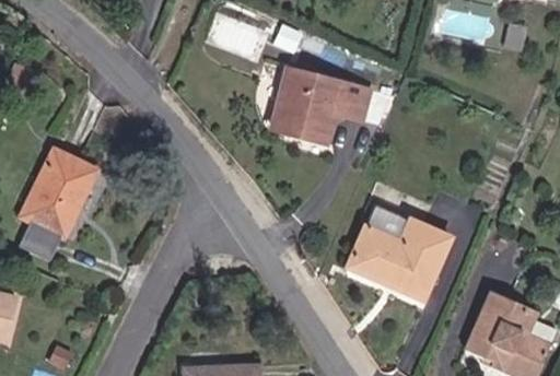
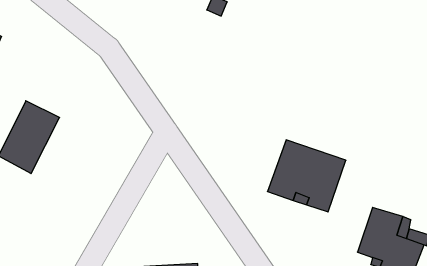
building: [273,73,369,144] -> none

